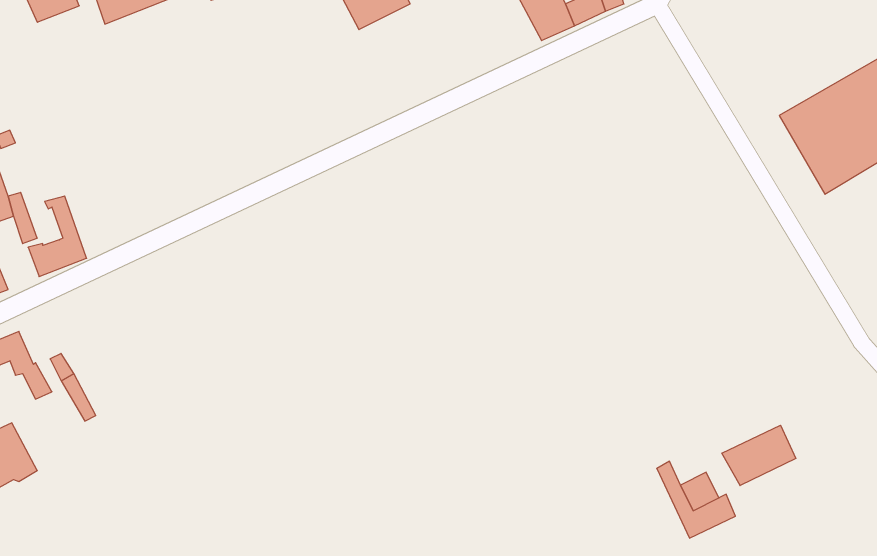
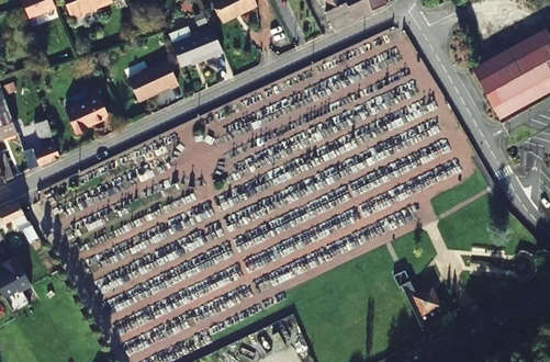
building: none -> [171,27,223,67]
building: none -> [128,61,179,101]
building: none -> [65,90,109,135]
building: [722,425,796,486] -> none

